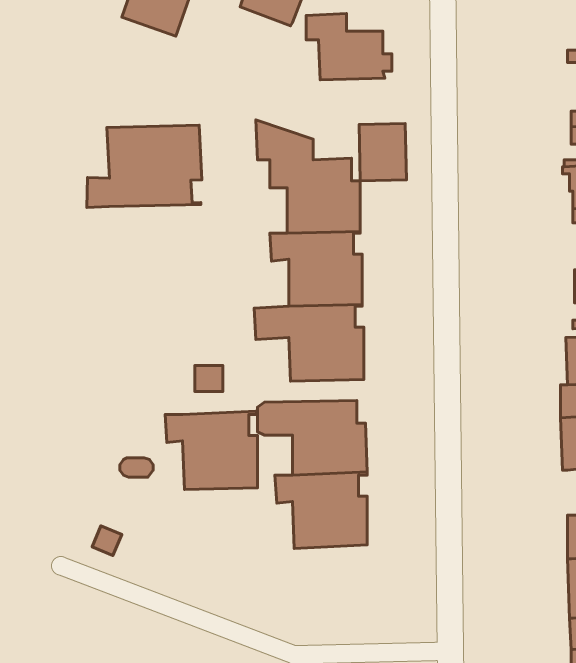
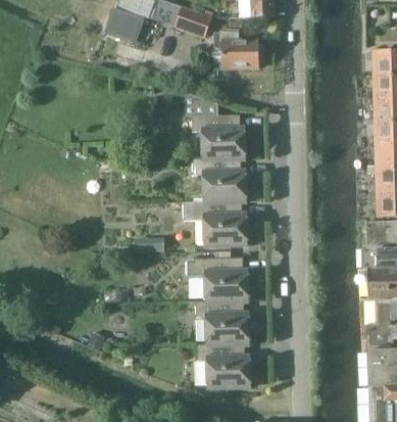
building: [359,123,406,181] -> none
building: [87,125,202,208] -> none
building: [165,411,258,490] -> [196,342,250,388]

